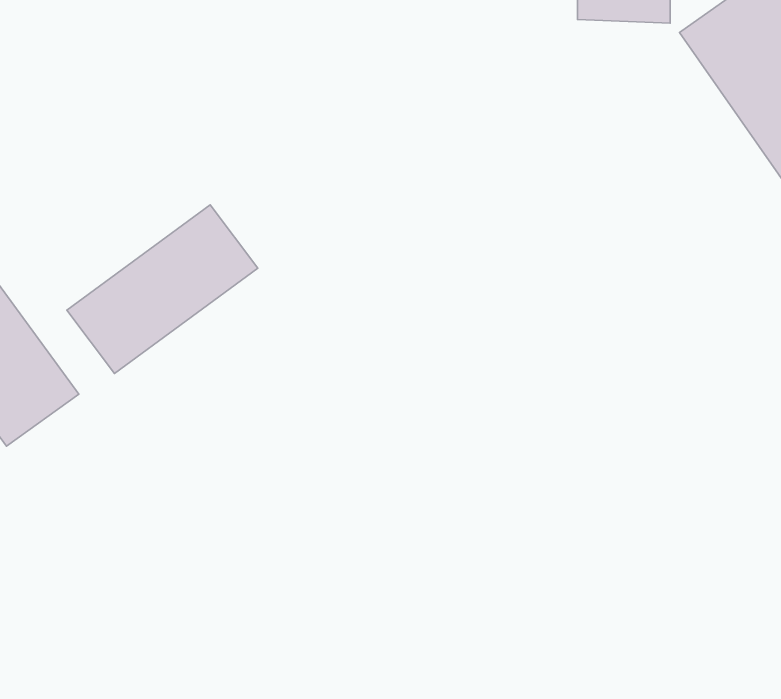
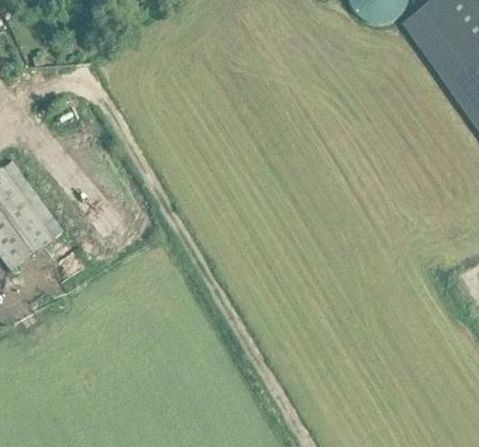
building: [67,205,258,373] -> none

